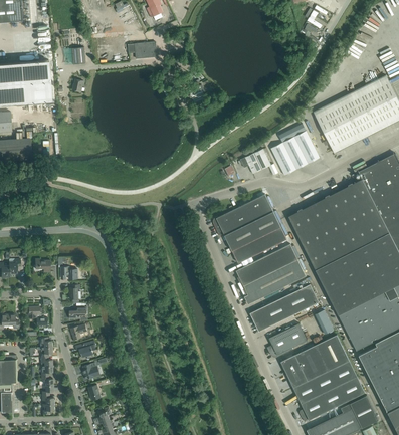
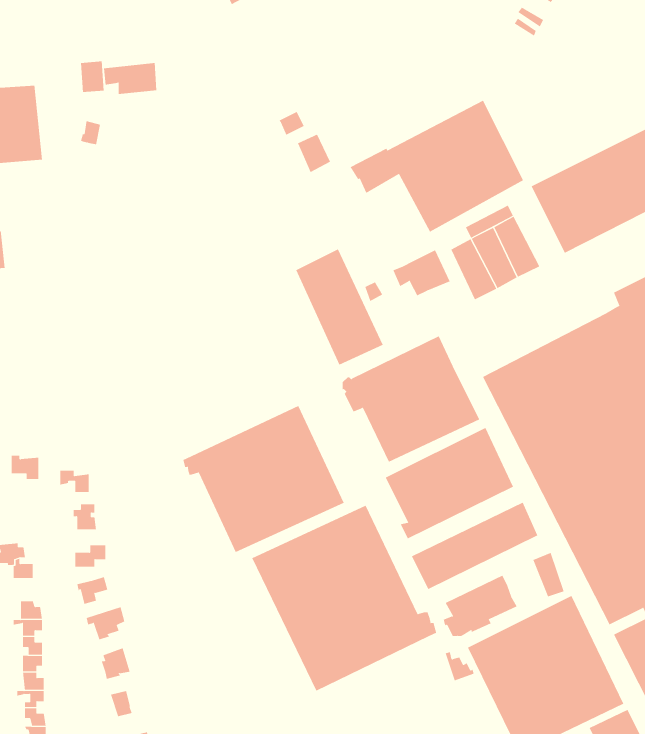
building: [128,42,157,59] -> [103,63,157,94]
building: none -> [350,100,524,233]
building: none -> [295,249,383,365]
building: none -> [183,405,345,553]
building: none -> [252,505,437,692]

